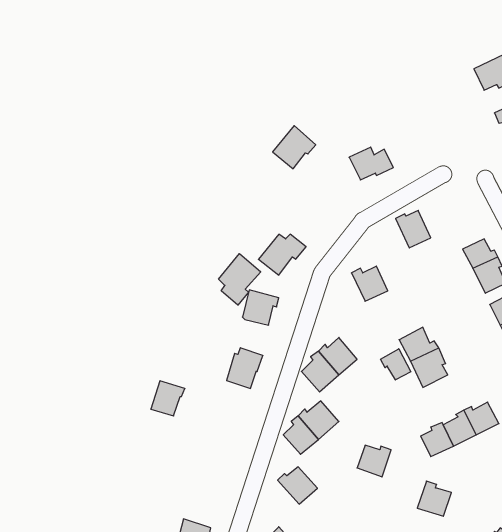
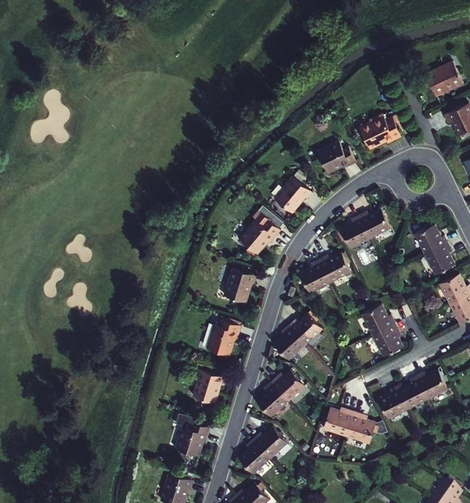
building: none -> [362,121,401,151]
building: [273,126,316,169] -> [275,177,313,215]
building: none -> [338,208,369,243]
building: [219,254,261,305] -> none
building: none -> [299,256,330,291]
building: [381,349,411,380] -> none
building: [151,381,185,416] -> [194,371,224,402]
building: none -> [176,424,209,459]
building: none -> [237,439,272,475]
building: [417,481,451,516] -> [345,412,375,443]

